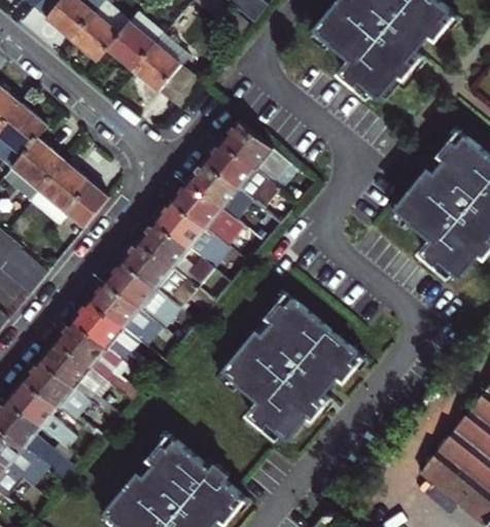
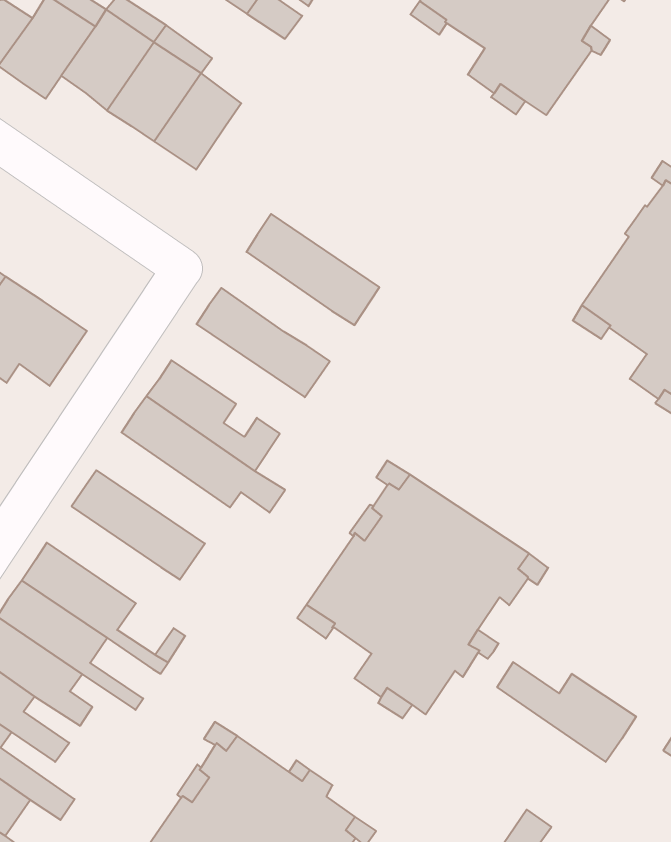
building: [222,119,299,188] -> none
building: [189,161,252,218] -> none
building: [156,200,232,268] -> none
building: [107,258,182,327] -> none
building: [74,298,141,371] -> none
building: none -> [497,662,636,762]

